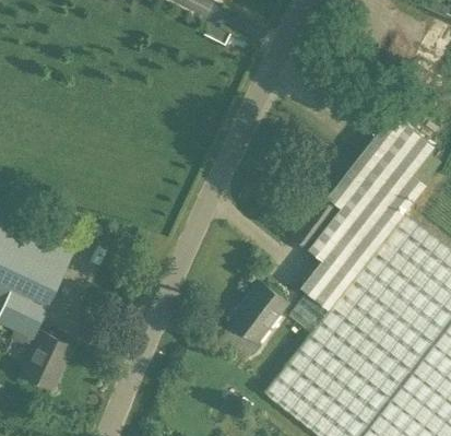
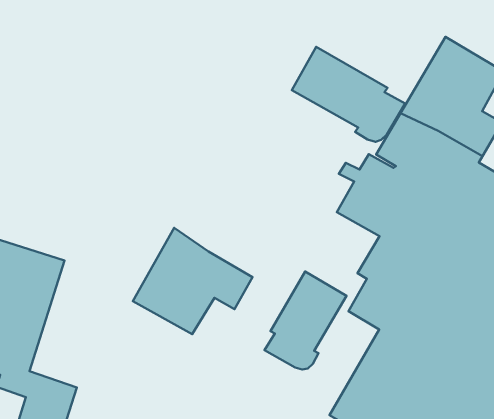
building: none -> [292,47,405,142]
building: none -> [133,228,253,334]

